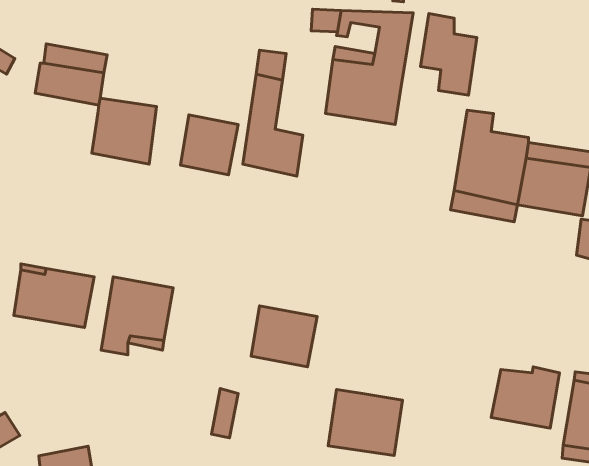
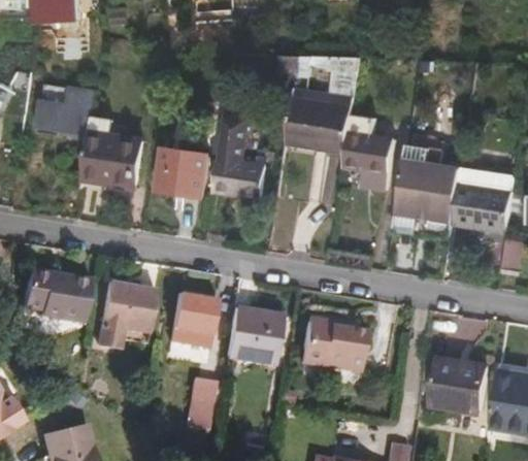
building: [421,14,477,95] -> [344,120,393,190]
building: none -> [167,294,213,348]
building: [328,389,403,455] -> [297,319,361,375]

